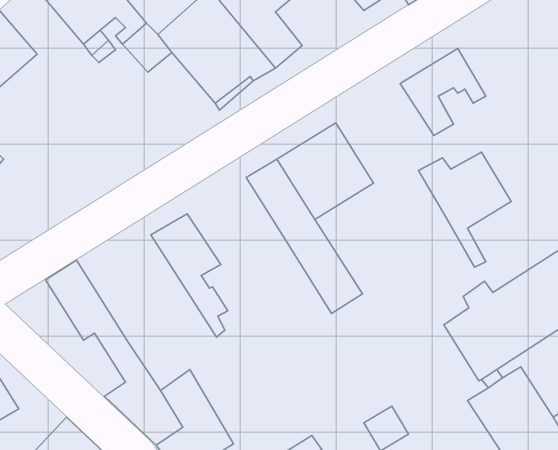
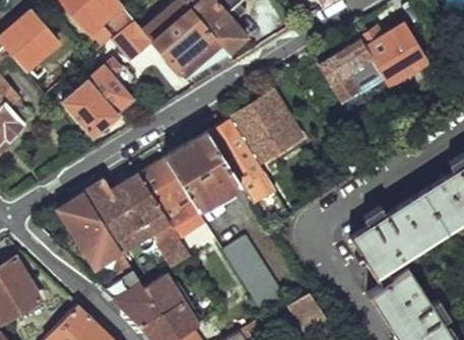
building: none -> [63,57,132,137]
building: [419,152,511,267] -> [360,26,427,110]
building: none -> [164,133,241,211]
building: none -> [84,175,191,267]
building: none -> [222,236,285,315]

